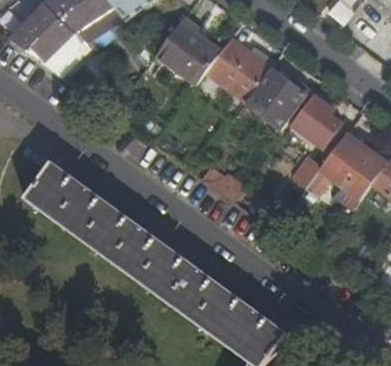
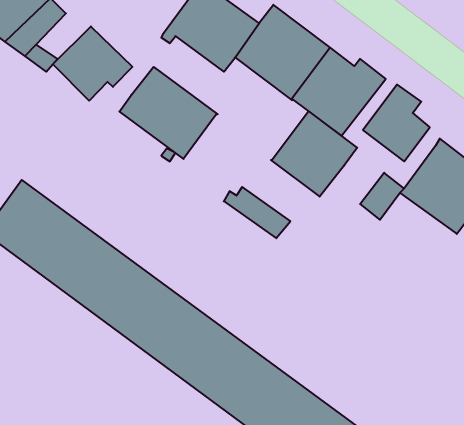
building: none -> [53,26,132,101]
building: none -> [119,67,218,159]
building: none -> [271,111,357,197]

